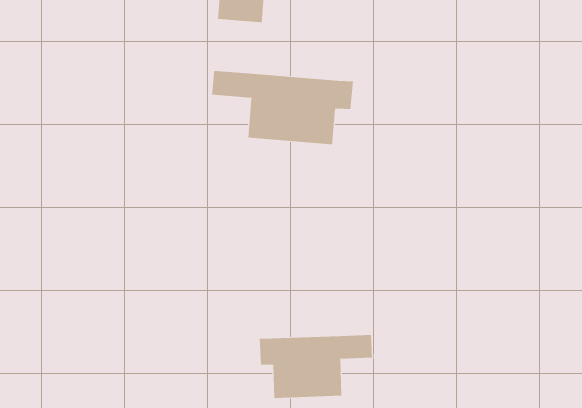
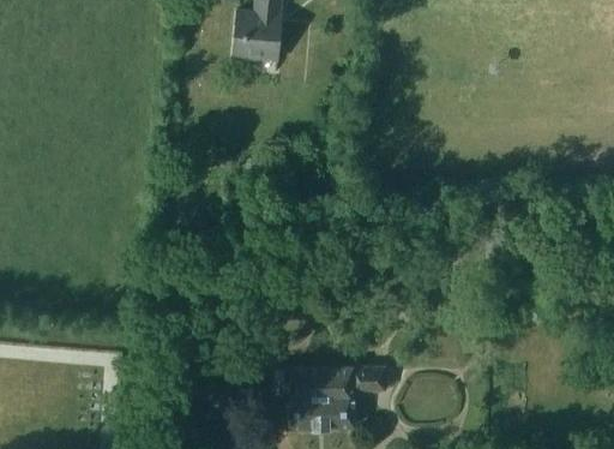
building: [211,70,353,145] -> none

